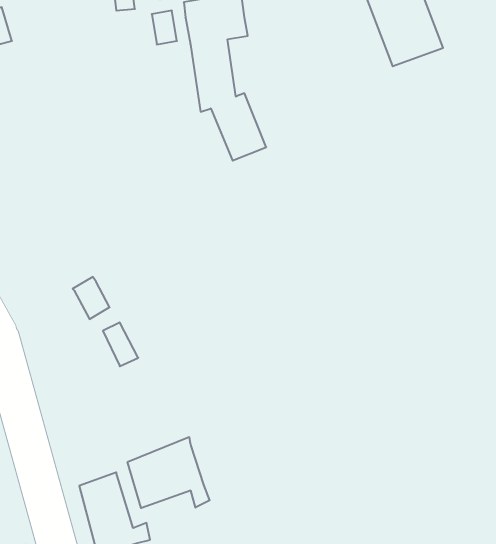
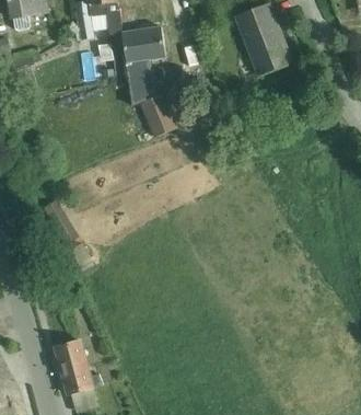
building: [128,437,210,508] -> none

